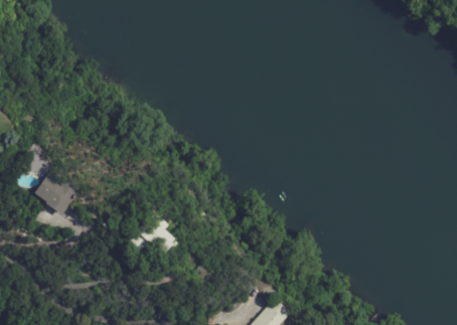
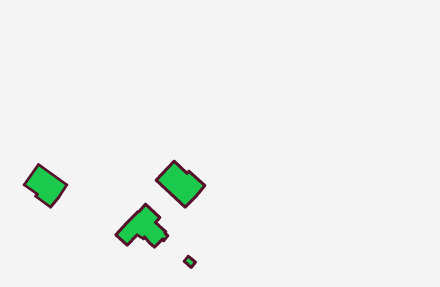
building: none -> [156,161,205,207]

